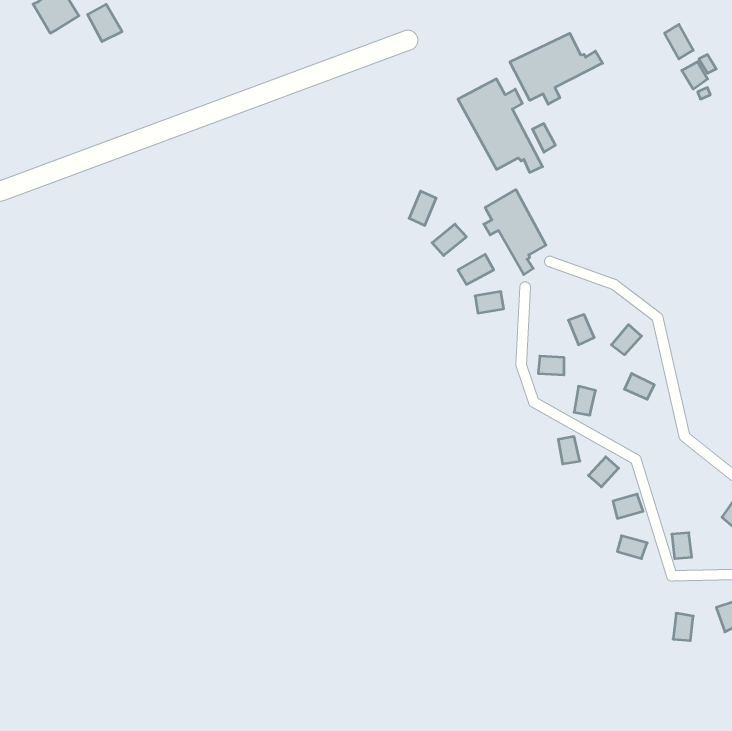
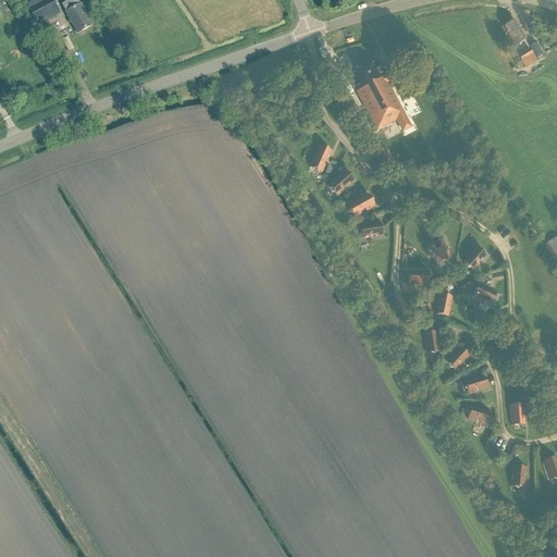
building: [510,33,603,104] -> none
building: [484,190,546,275] -> none

